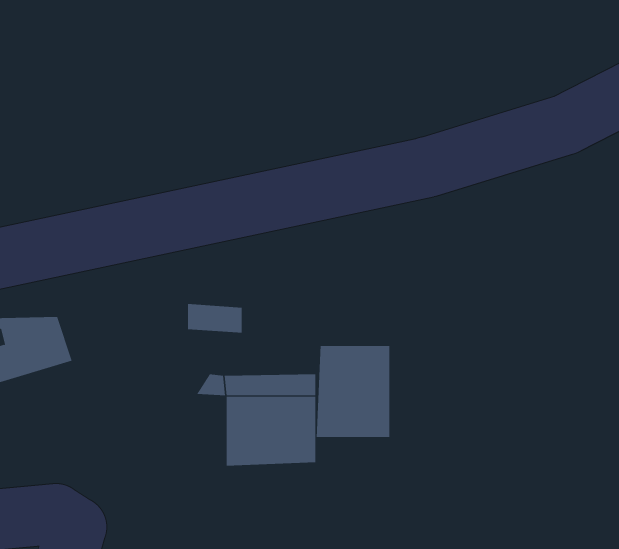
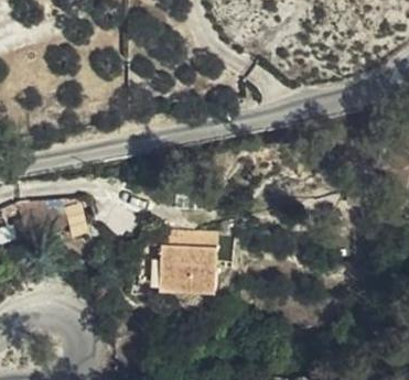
building: [316,345,390,438] -> none

